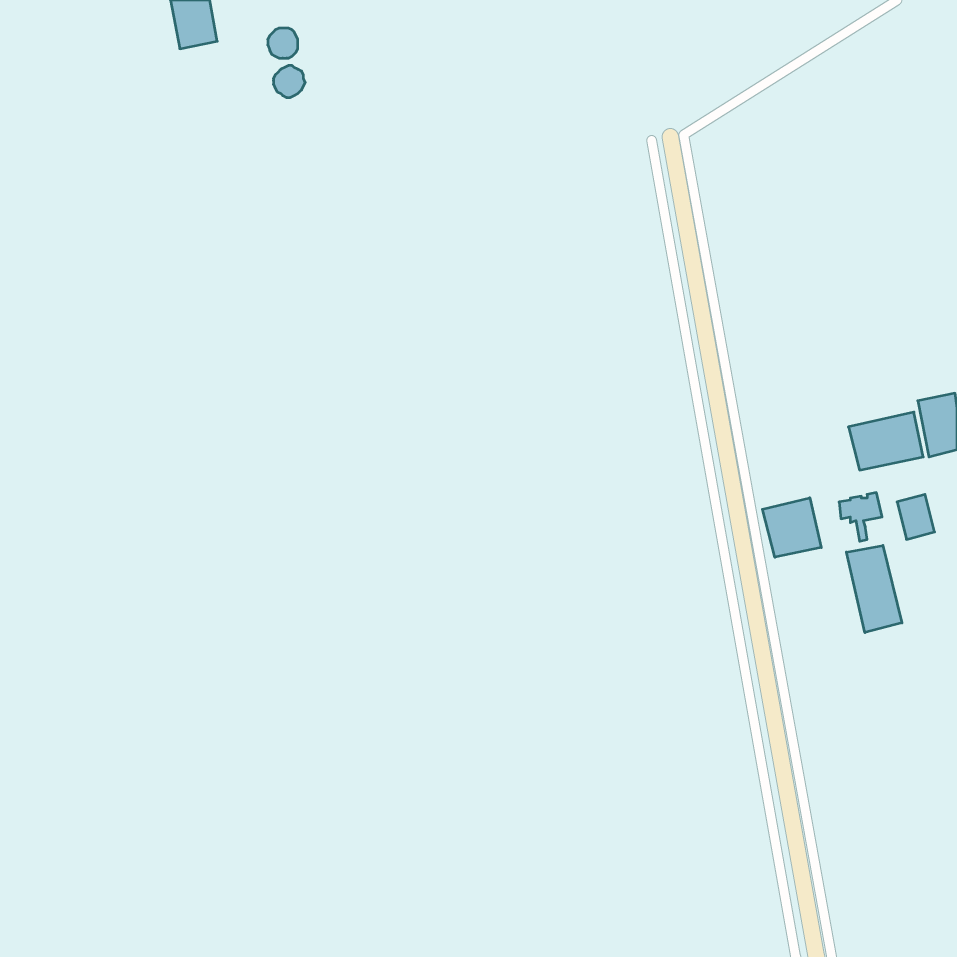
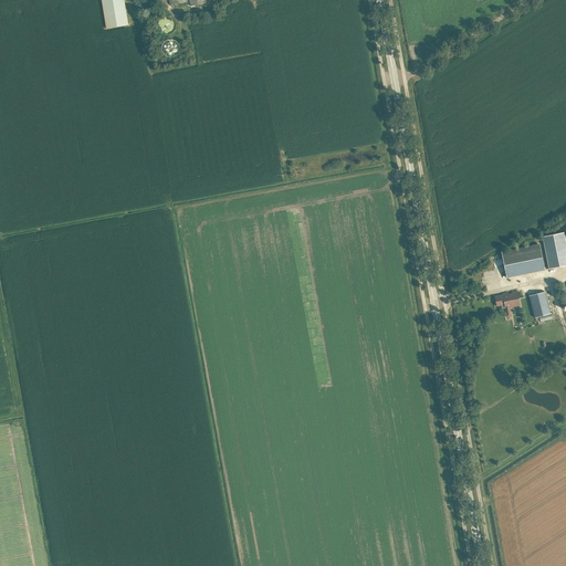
building: [762,498,821,557] -> none
building: [846,545,902,633] -> none

